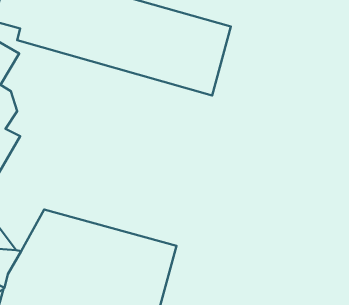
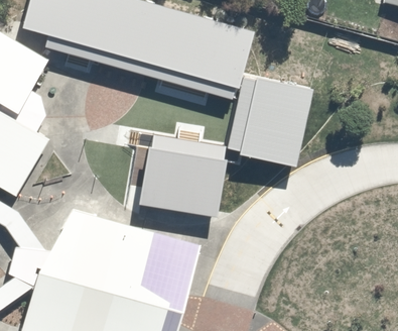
building: none -> [229,74,313,167]
building: none -> [138,135,227,217]

